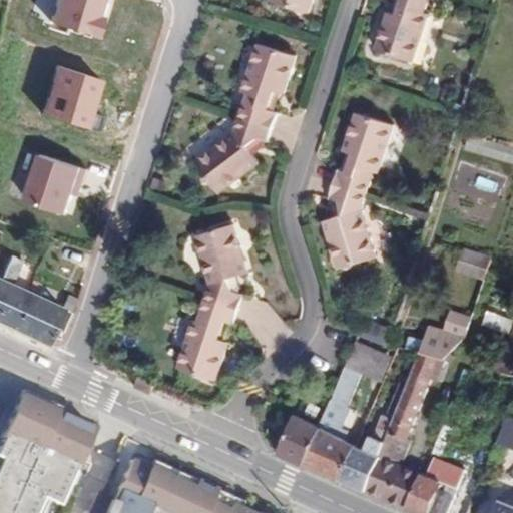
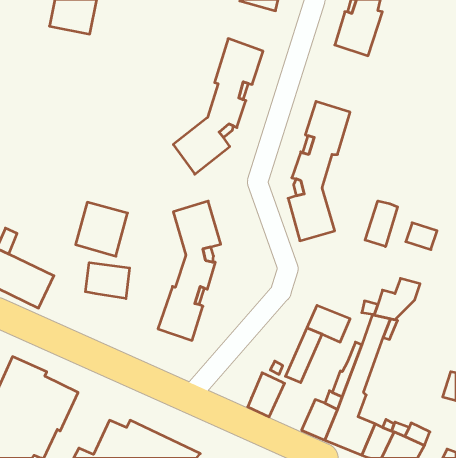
building: [39,67,96,125] -> none
building: [34,153,92,213] -> [76,202,128,256]
building: none -> [365,201,398,247]
building: none -> [85,263,130,299]
building: [301,428,352,480] -> none

